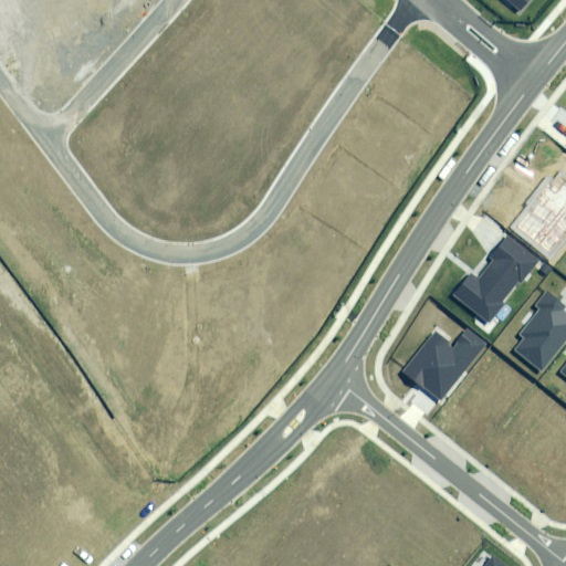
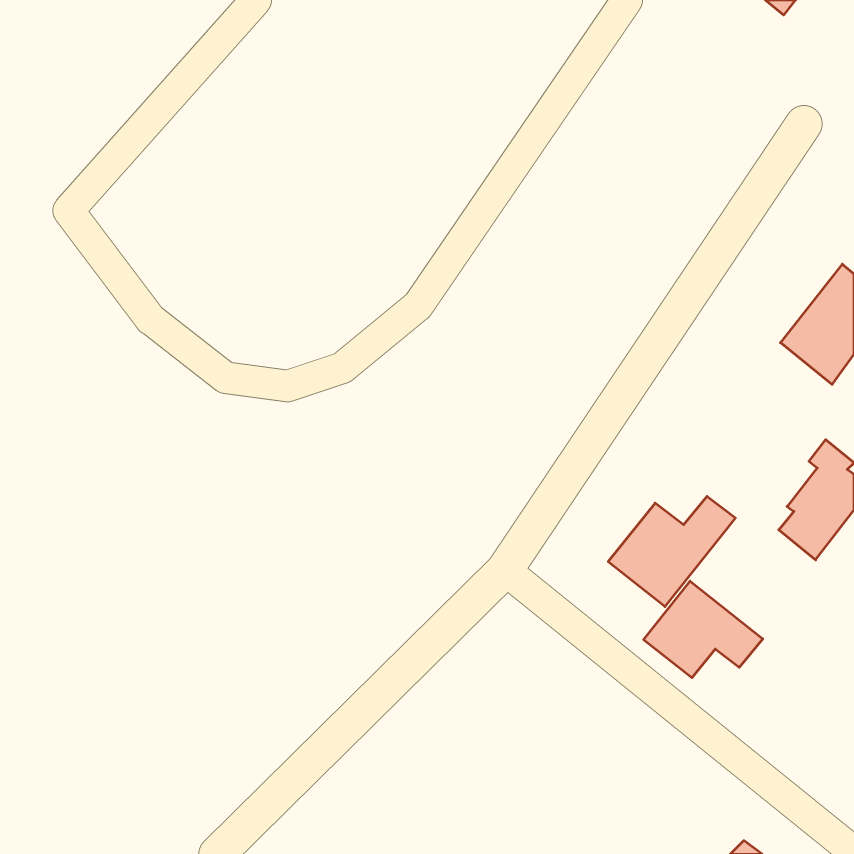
building: [454,237,538,323] -> none
building: none -> [644,581,763,678]

